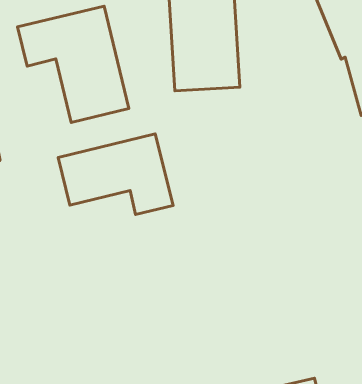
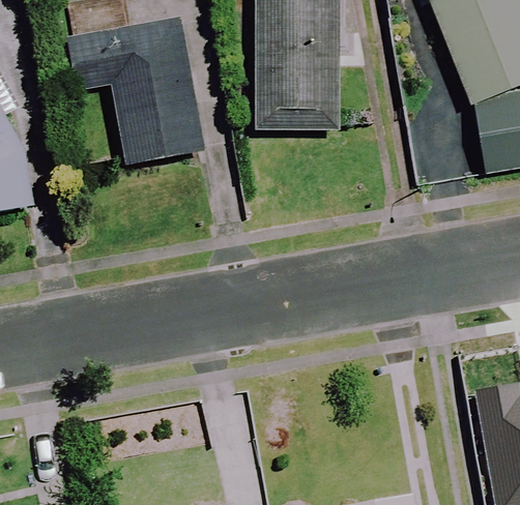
building: [58,134,173,214] -> none

